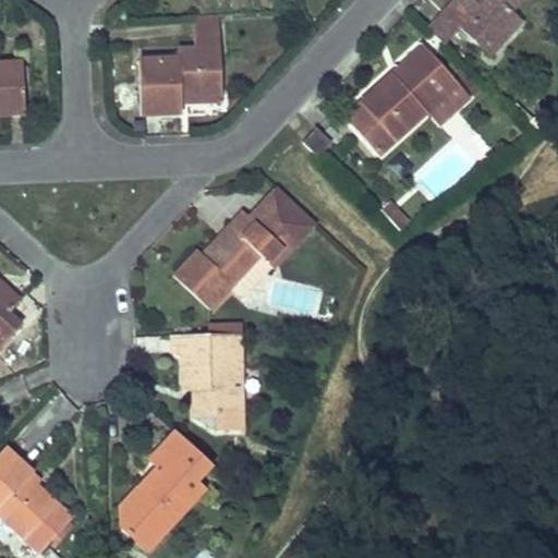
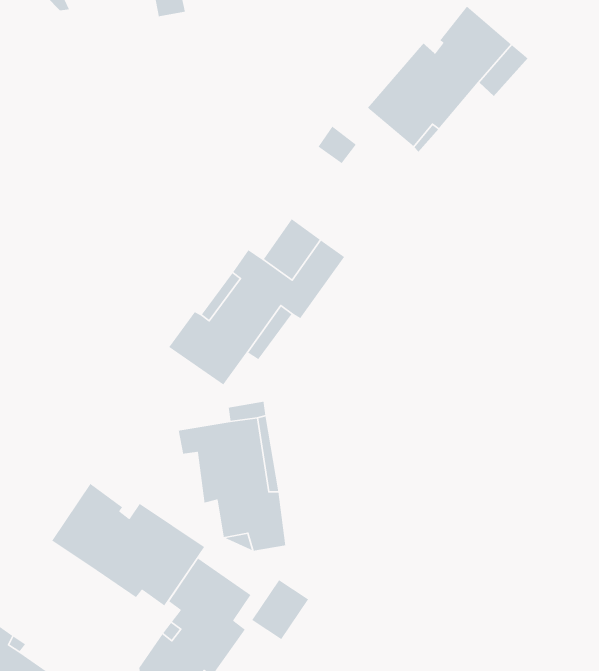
building: [138,35,221,112] -> none
building: none -> [51,483,205,607]
building: none -> [251,579,309,640]

